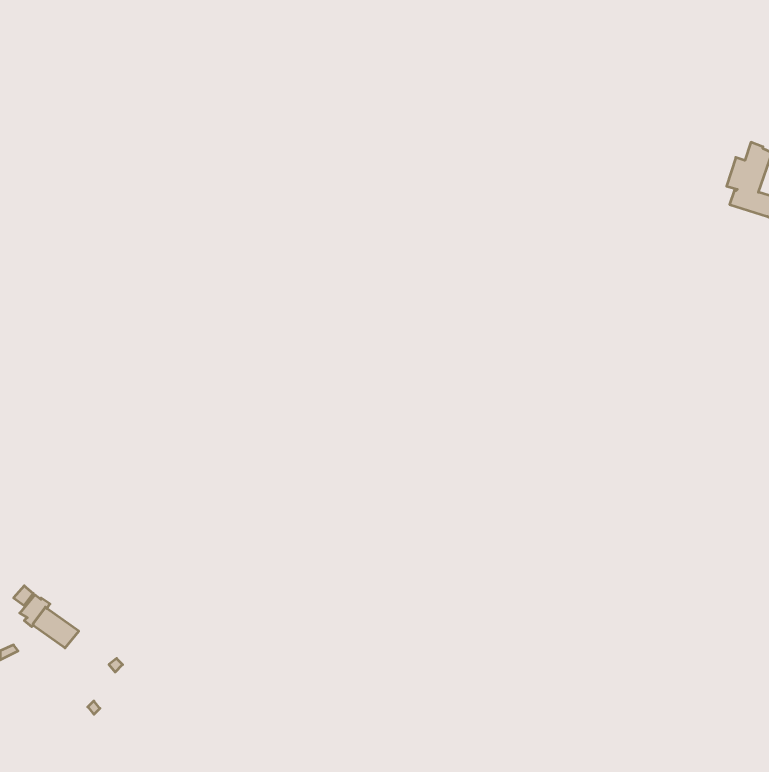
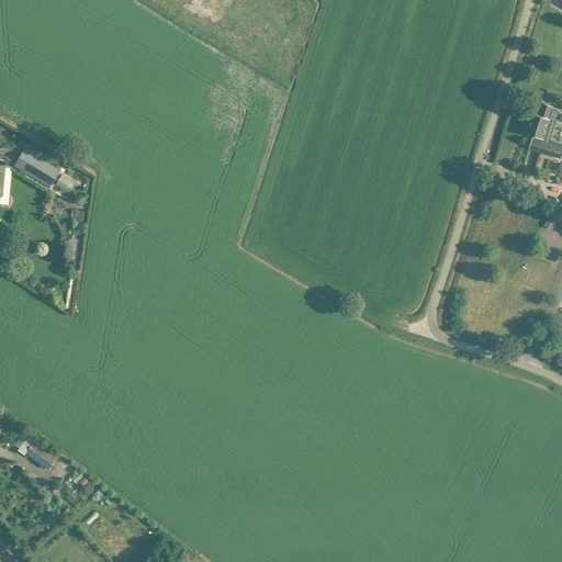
building: none -> [18,151,63,188]

